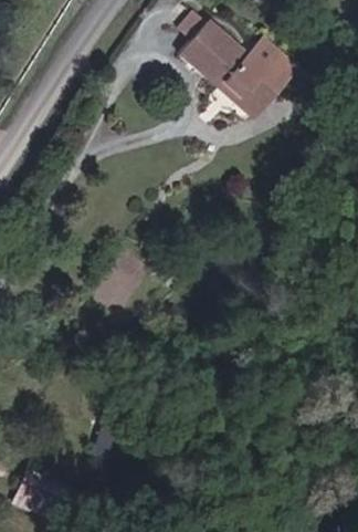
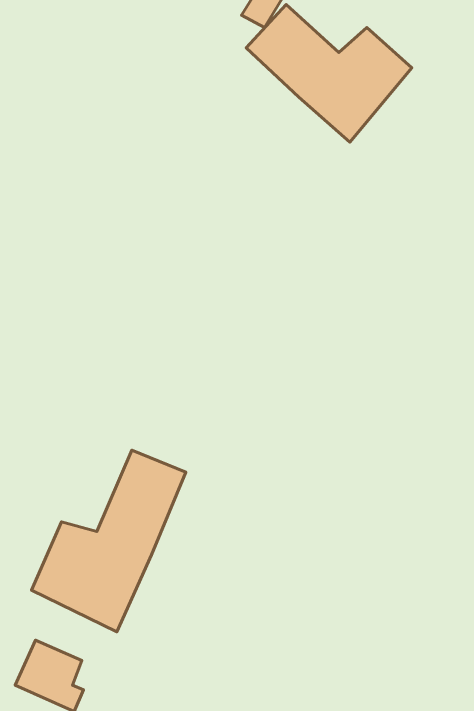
building: none -> [31,450,186,632]

